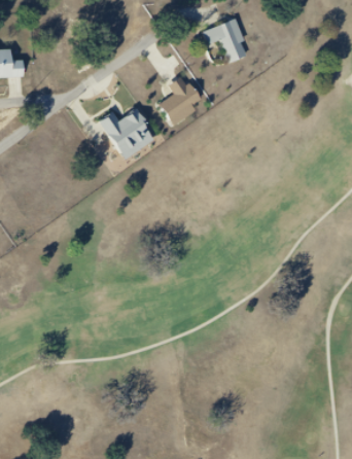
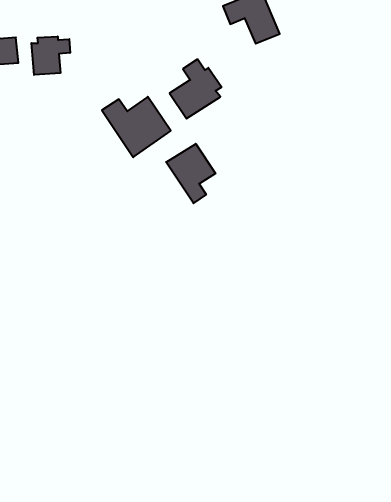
building: none -> [31,36,70,75]
building: none -> [166,144,215,203]

